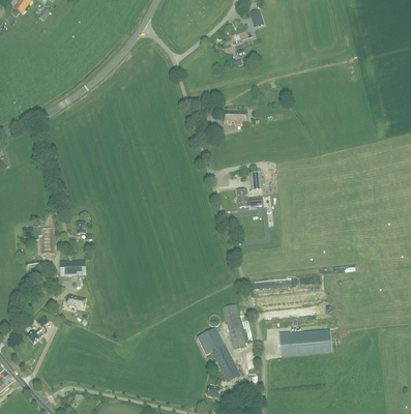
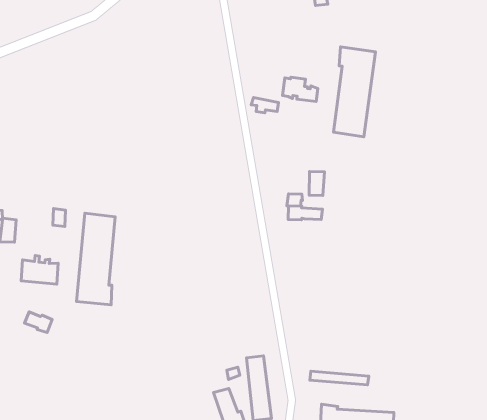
building: none -> [333,47,375,137]
building: none -> [77,213,115,305]

